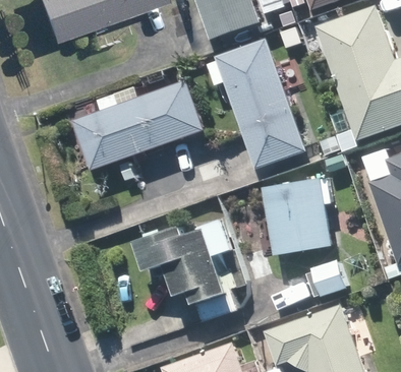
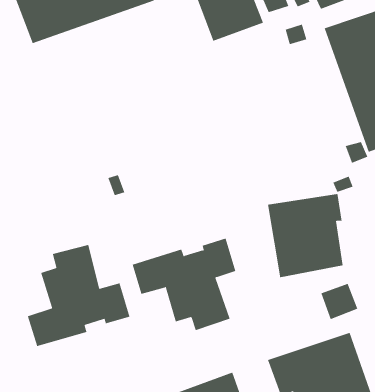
building: [217,40,304,167] -> none
building: [73,81,203,169] -> none
building: none -> [27,244,130,347]

